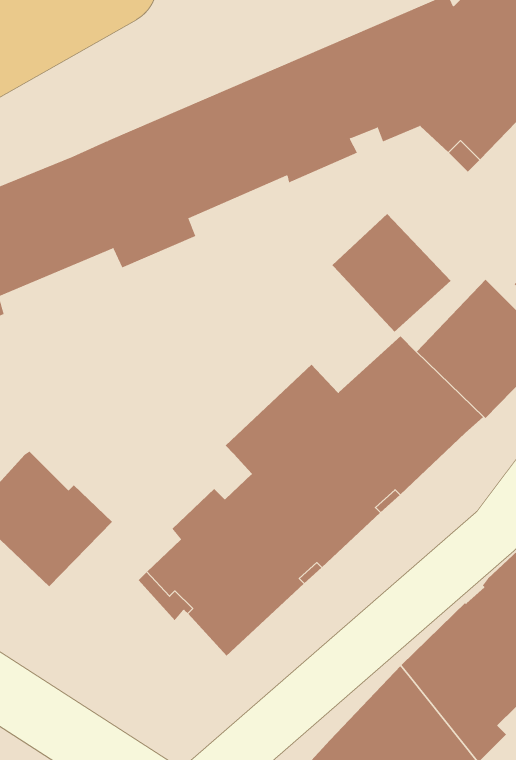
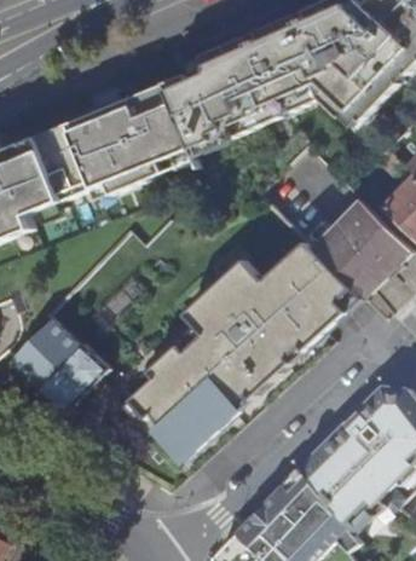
building: [332,213,451,332] -> none

